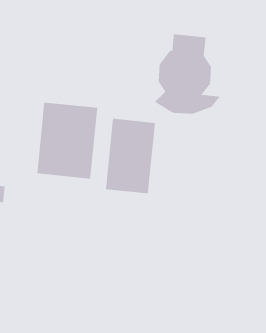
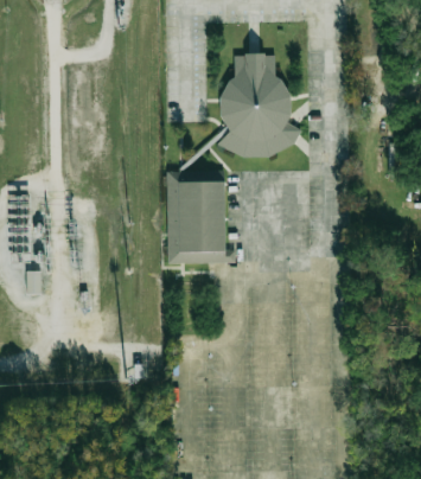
building: [37,102,98,179] -> none

